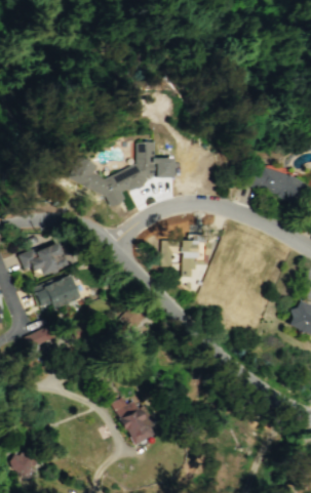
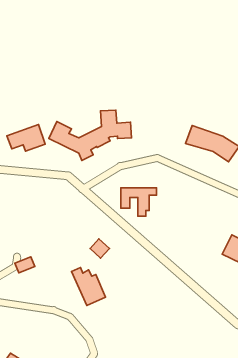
building: [21,242,69,276] -> [7,125,45,151]
building: [36,274,83,313] -> none
building: [115,398,158,446] -> [71,267,105,305]

